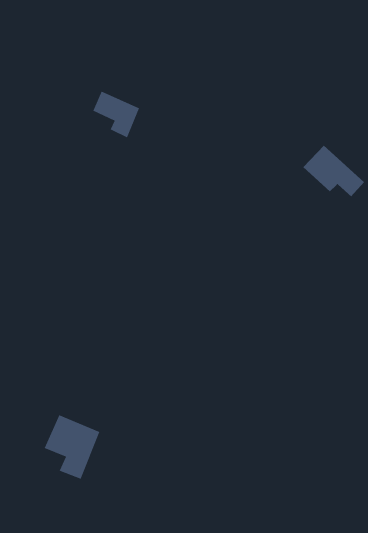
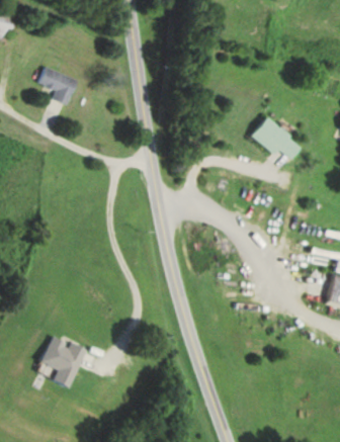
building: [92,91,140,138] -> [37,67,76,105]

